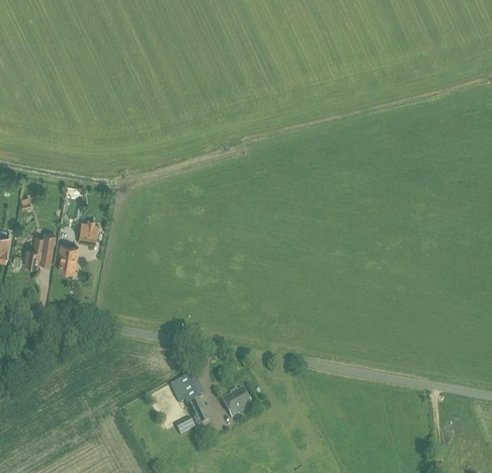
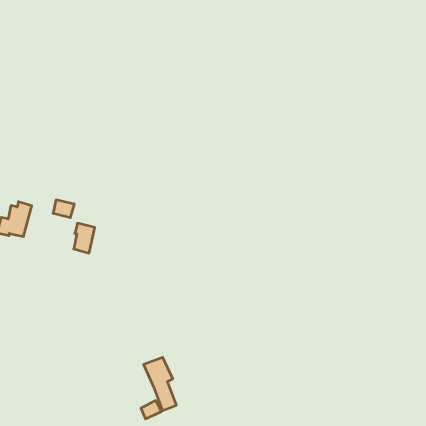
building: [59,244,78,272] -> [74,223,95,253]
building: [222,387,252,417] -> none

